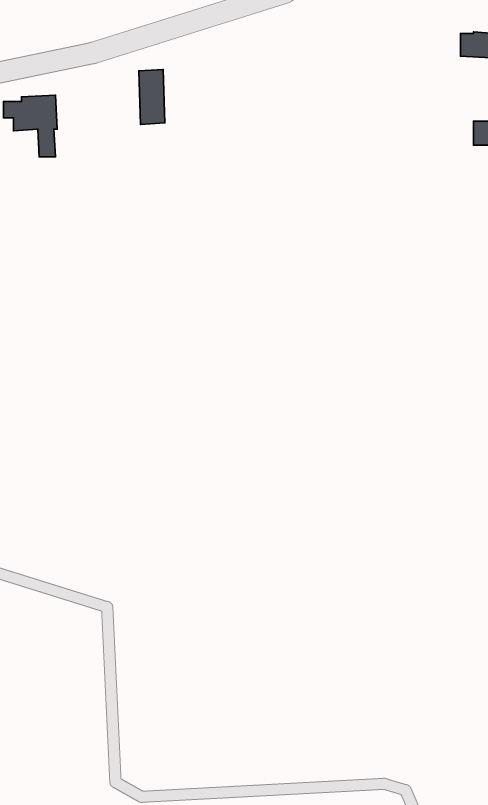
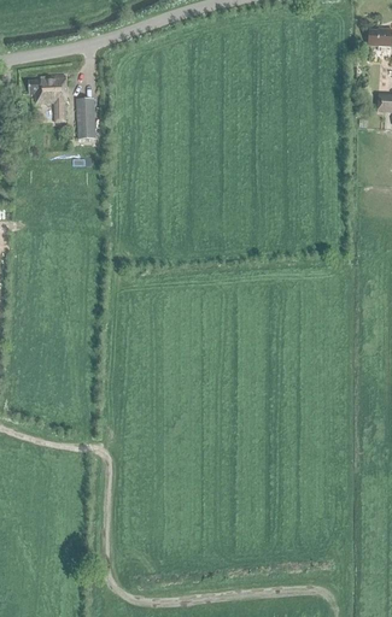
building: [139,69,165,124] -> [76,98,95,139]

